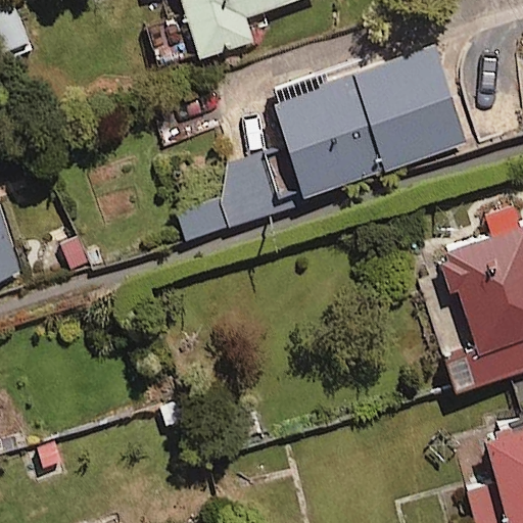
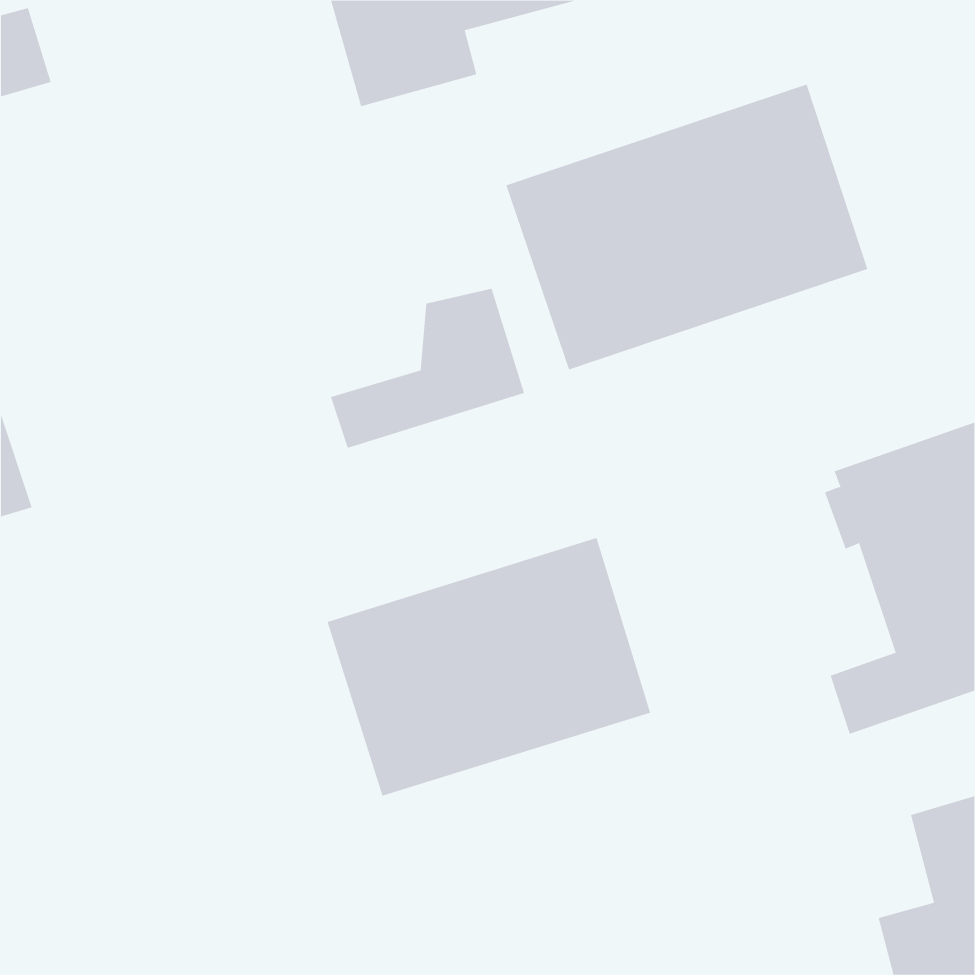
building: none -> [327,537,651,796]

